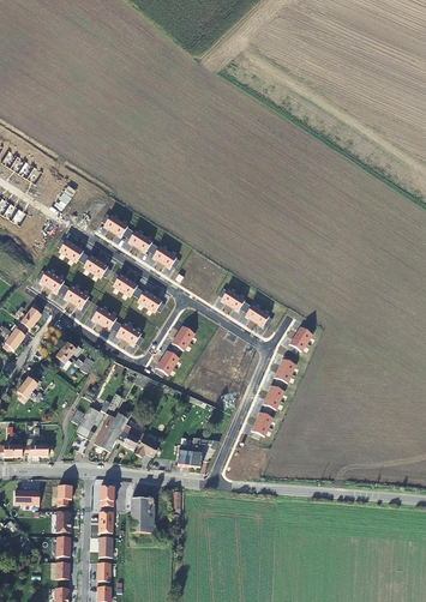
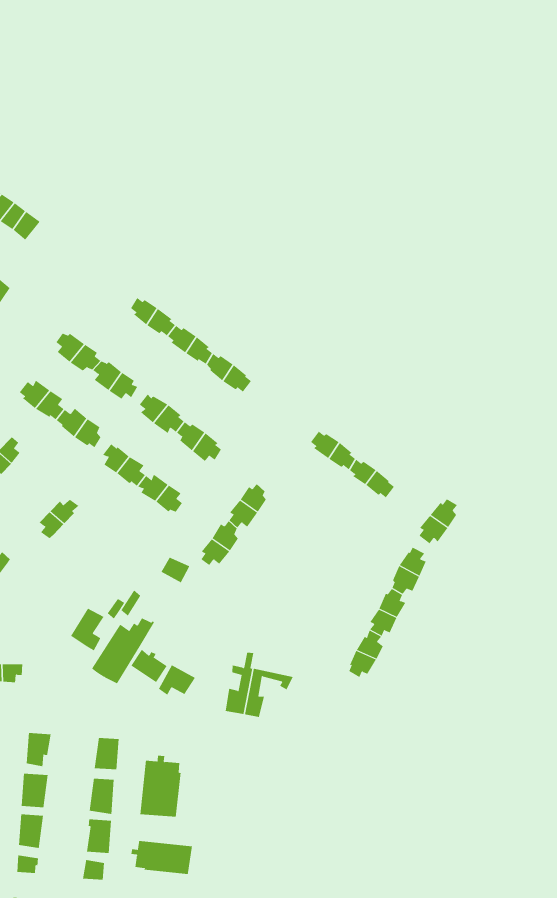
building: none -> [131,840,192,875]

